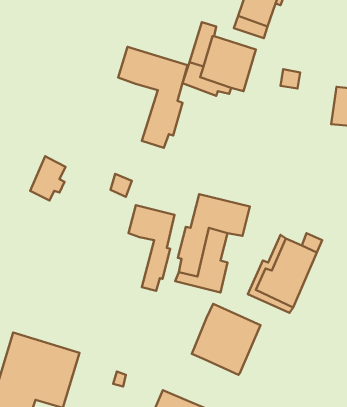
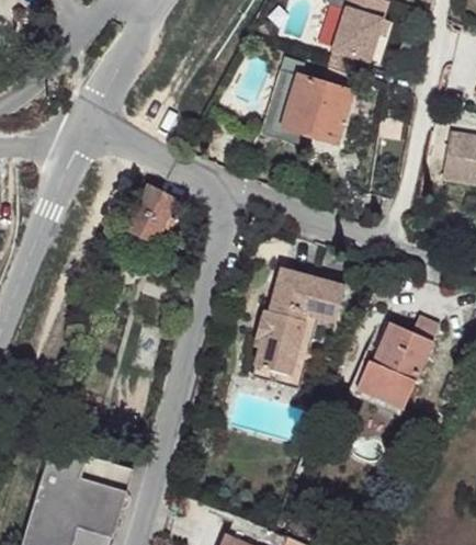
building: [118,47,188,148] -> none
building: [30,156,66,201] -> [132,185,175,240]
building: [129,205,175,291] -> none
building: [192,304,260,375] -> none

